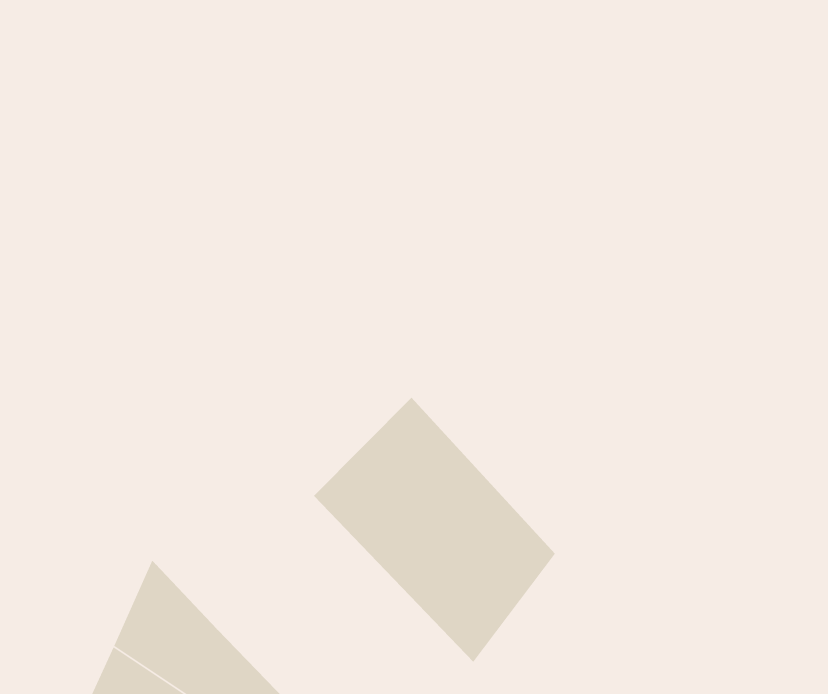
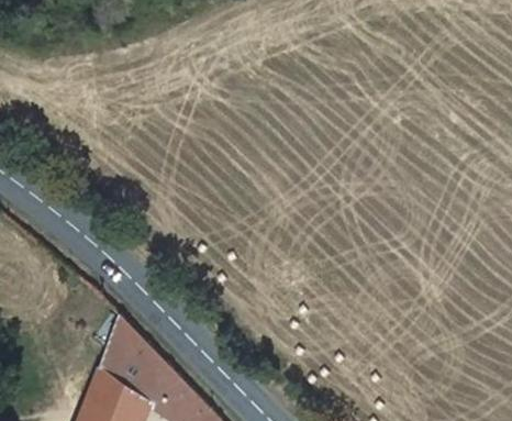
building: [313,397,556,663] -> none

